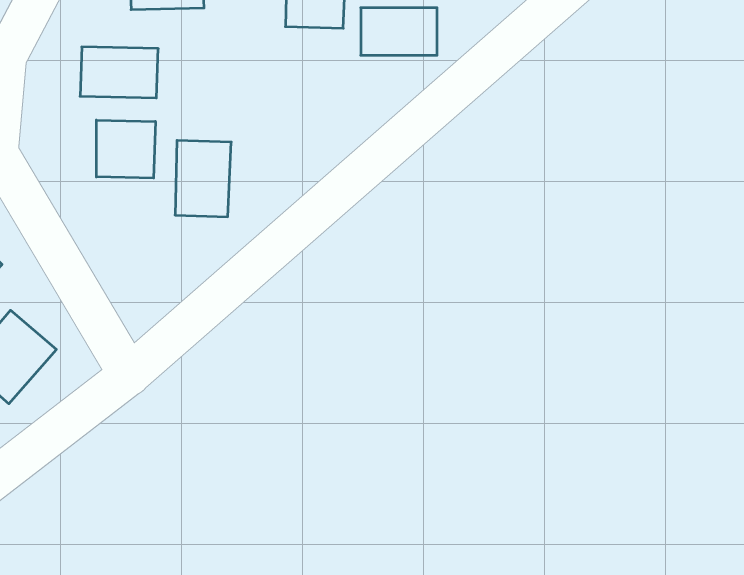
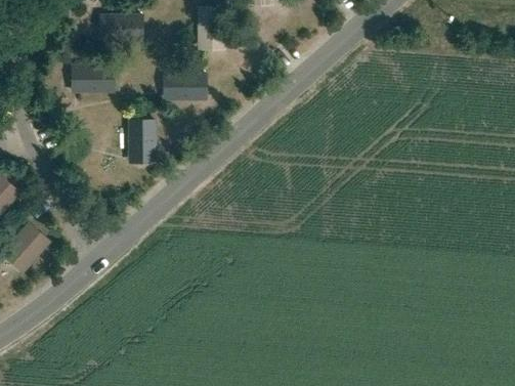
building: [361,8,437,55] -> [162,71,208,99]
building: [96,120,155,178] -> none

